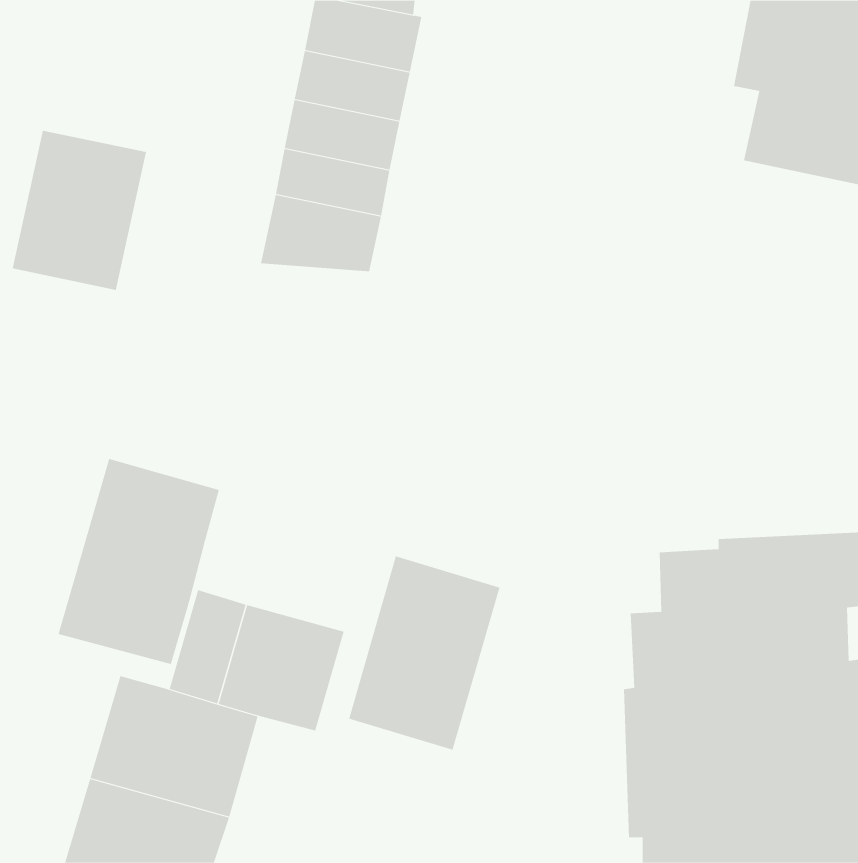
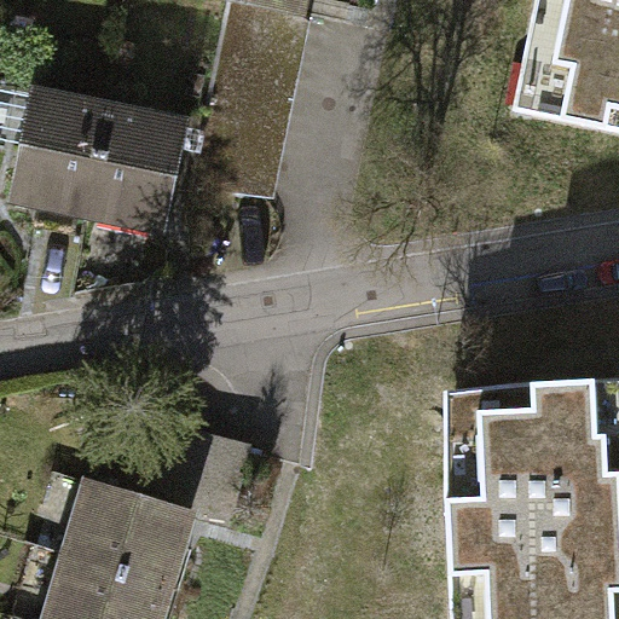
building: none -> [87,109,186,225]
building: [58,458,220,665] -> none
building: [348,556,500,750] -> none

